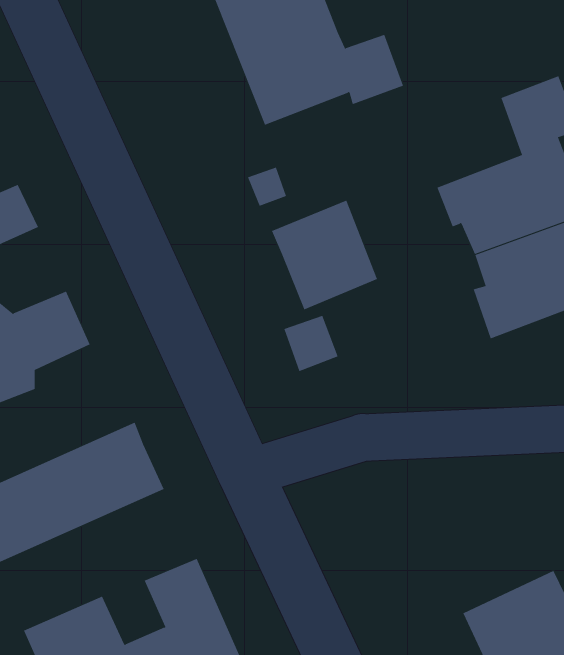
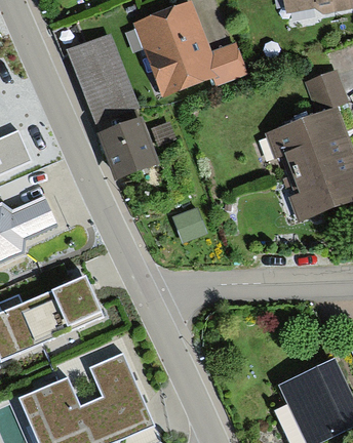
building: none -> [65,34,142,125]
building: [271,200,378,310] -> [95,114,159,179]

